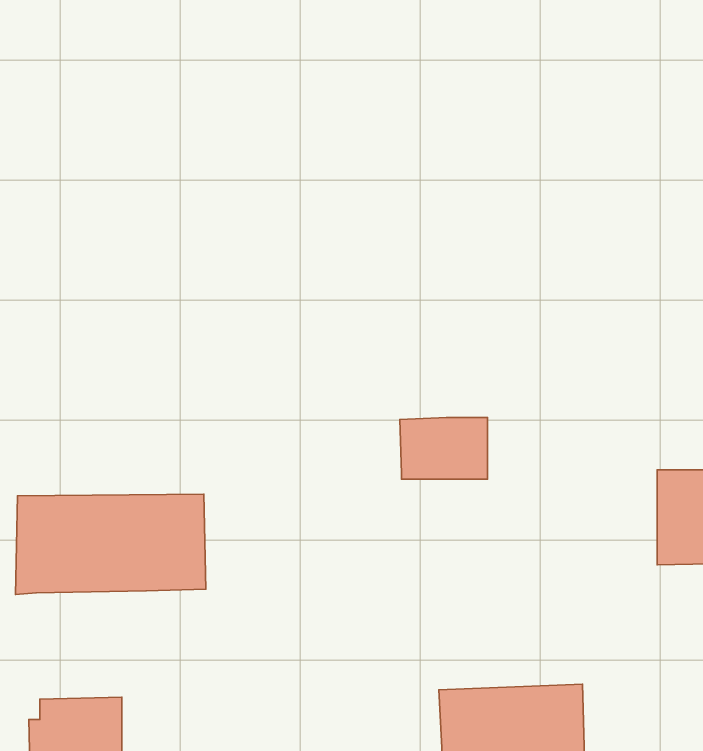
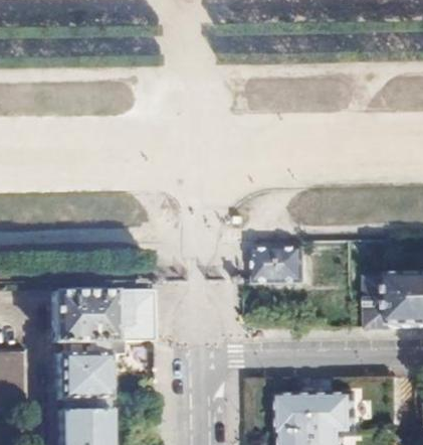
building: none -> [369,275,395,327]
building: none -> [55,340,120,399]

